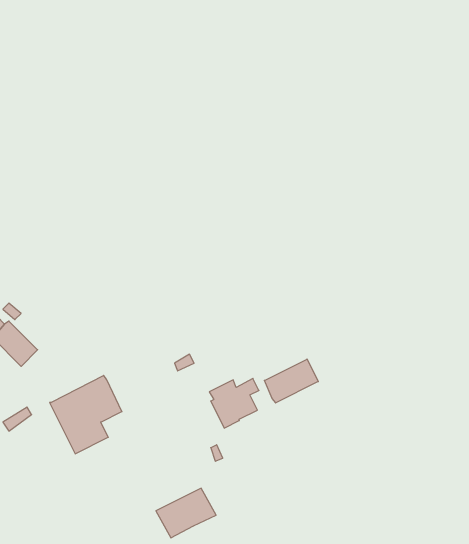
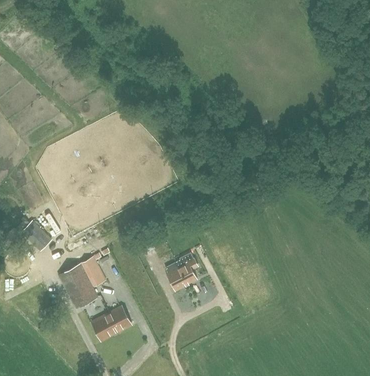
building: [264,359,318,403] -> none
building: [156,488,216,538] -> [92,306,132,339]

